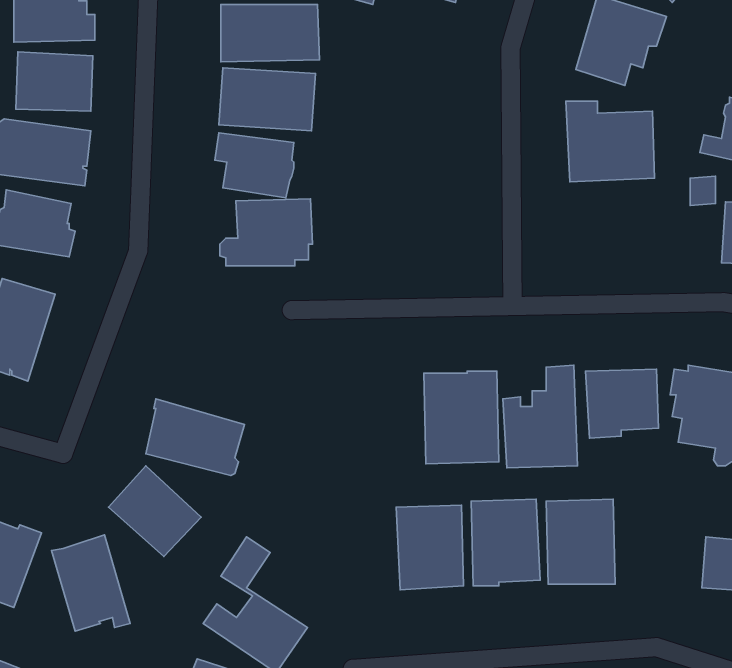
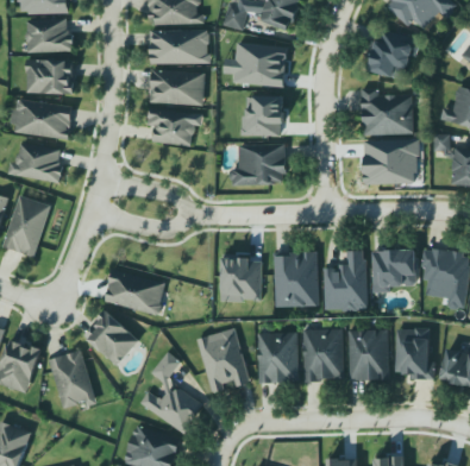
building: none -> [236,45,288,87]
building: none -> [245,96,283,137]
building: none -> [363,139,419,183]
building: [220,199,313,266] -> [228,145,284,185]
building: none -> [221,259,263,302]
building: none -> [198,328,250,393]
building: none -> [395,328,434,379]

